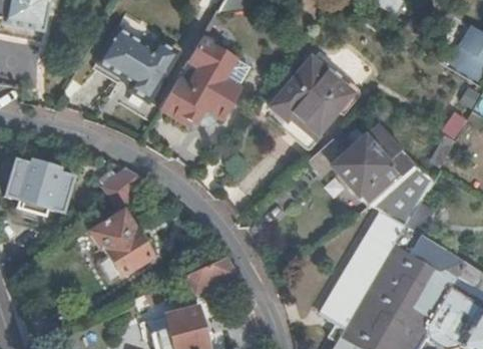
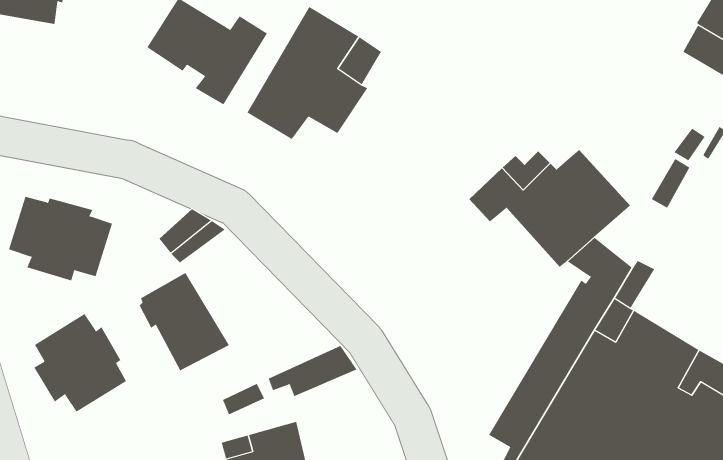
building: [272,57,354,141] -> none
building: [393,164,435,206] -> none
building: none -> [34,313,127,413]

